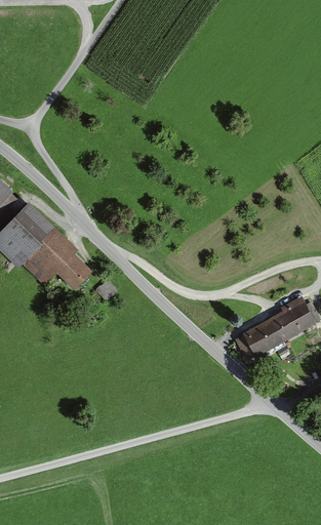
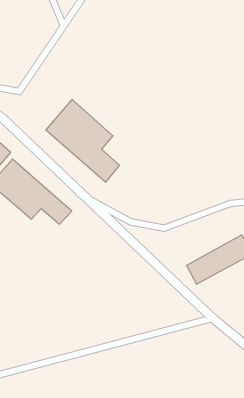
building: none -> [46,99,119,182]

